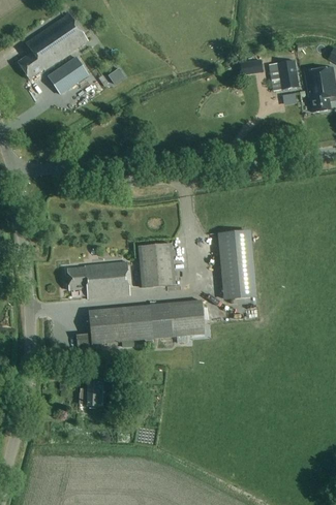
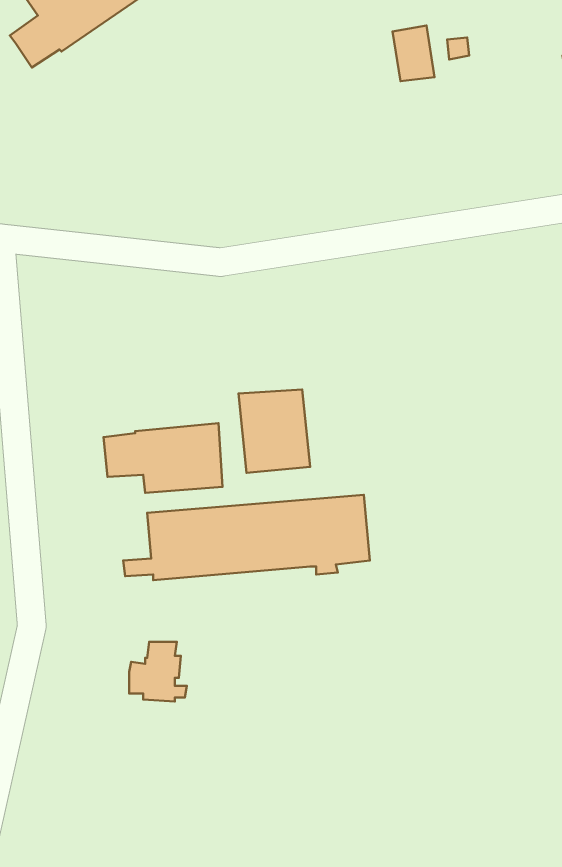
building: [51,57,89,93] -> none
building: [277,59,299,88] -> [393,25,434,81]
building: [217,228,256,298] -> none

